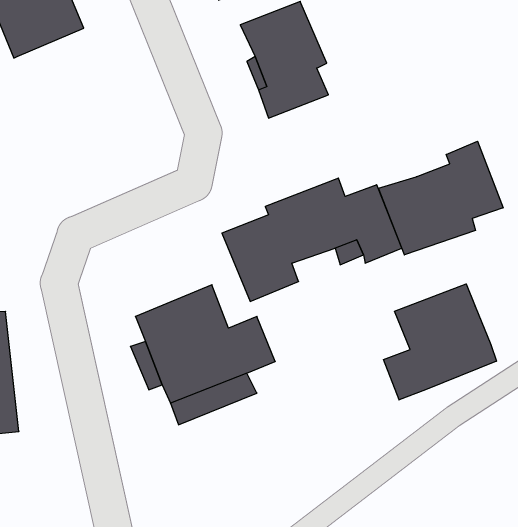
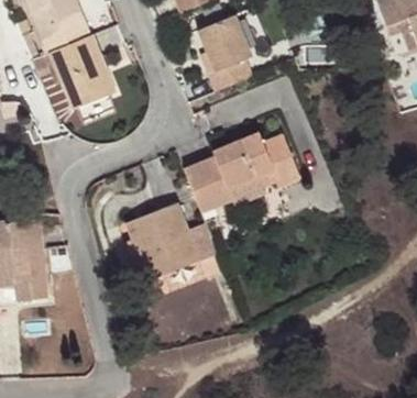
building: none -> [46,33,114,111]
building: [379,141,503,255] -> none
building: [384,284,496,400] -> none

